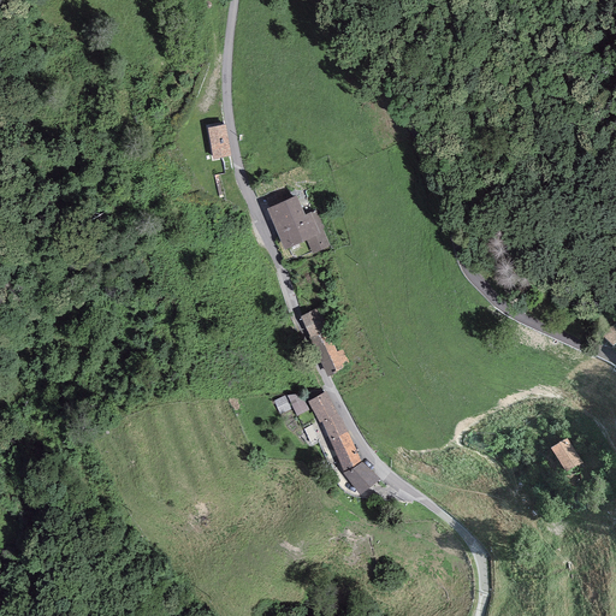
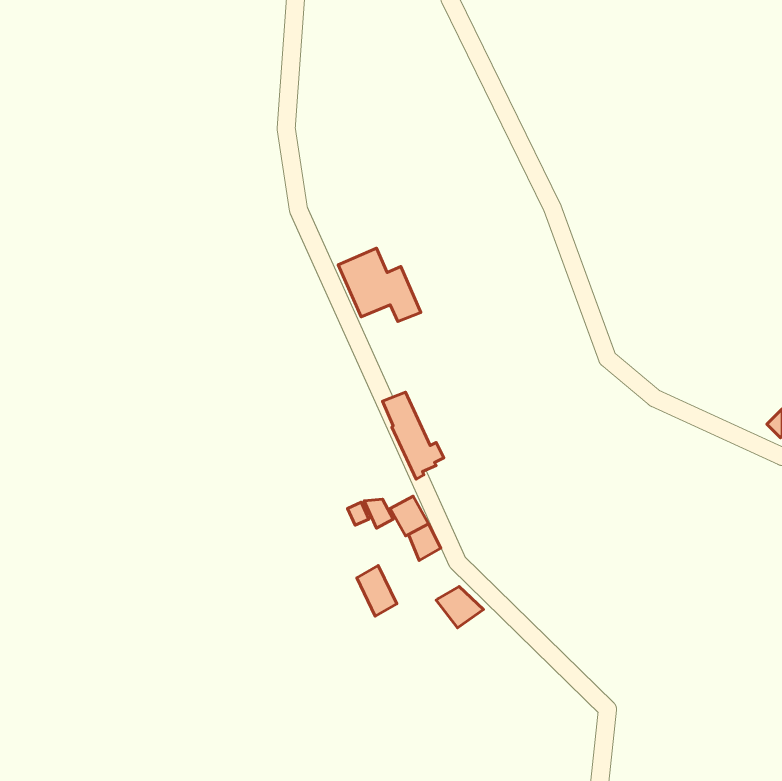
building: [207,124,231,158] -> none
building: [330,431,361,470] -> [357,565,397,616]
building: [550,437,582,472] -> none

